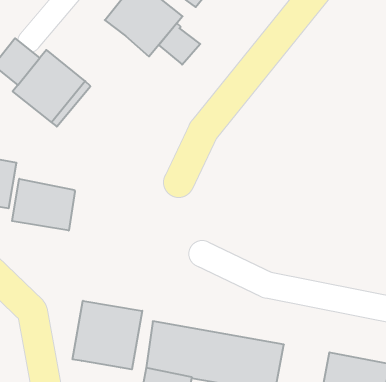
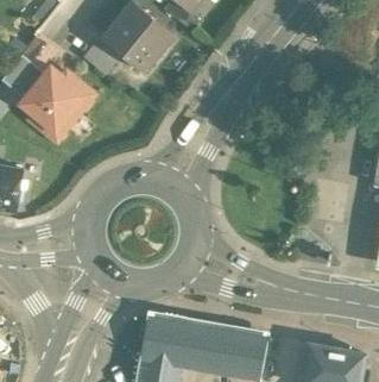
building: [159,23,200,65] -> [84,35,122,73]
building: [12,179,75,231] -> none
building: [73,301,142,369] -> none

